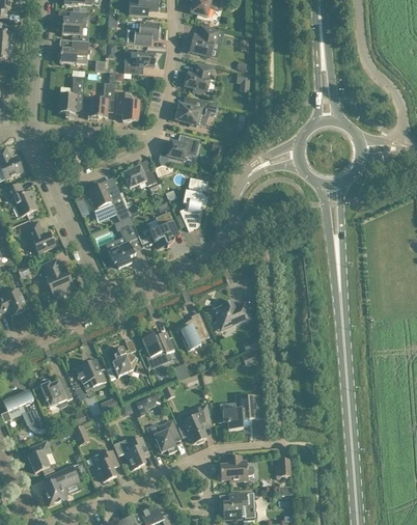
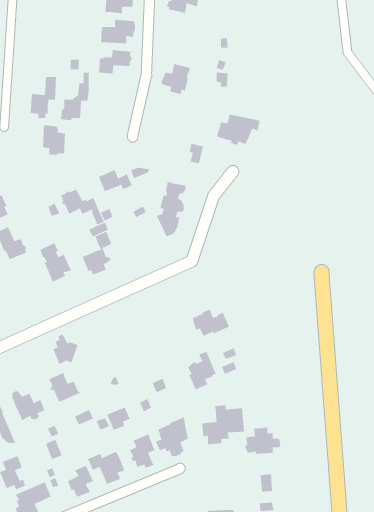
building: [60,11,86,35] -> none
building: [188,26,219,56] -> none
building: [57,40,87,64] -> none
building: [115,92,138,121] -> [42,125,66,155]
building: [174,98,217,128] -> [216,114,260,145]
building: [166,135,198,160] -> none
building: [148,211,175,248] -> none
building: [40,258,72,297] -> [39,242,72,282]
building: [179,313,207,351] -> [188,351,217,390]
building: [141,332,173,365] -> none
building: [111,348,136,377] -> [52,334,78,364]
building: [218,455,253,481] -> [244,427,281,454]

